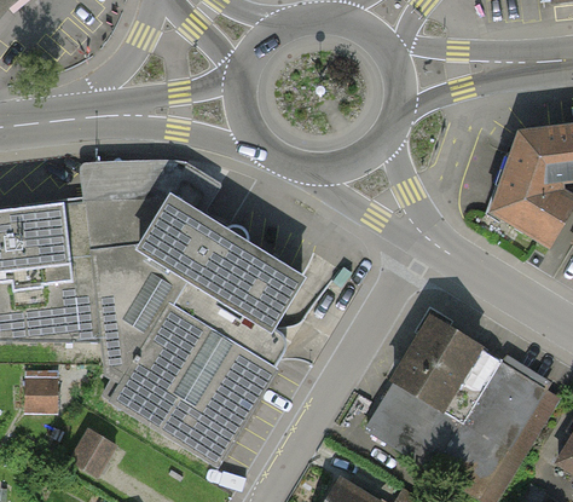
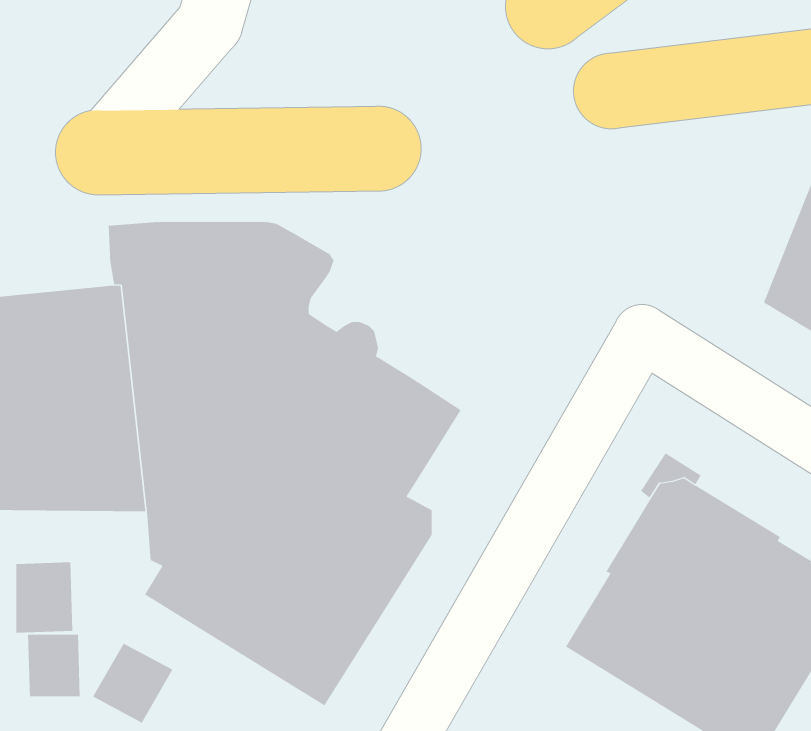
building: none -> [28,634,80,697]

